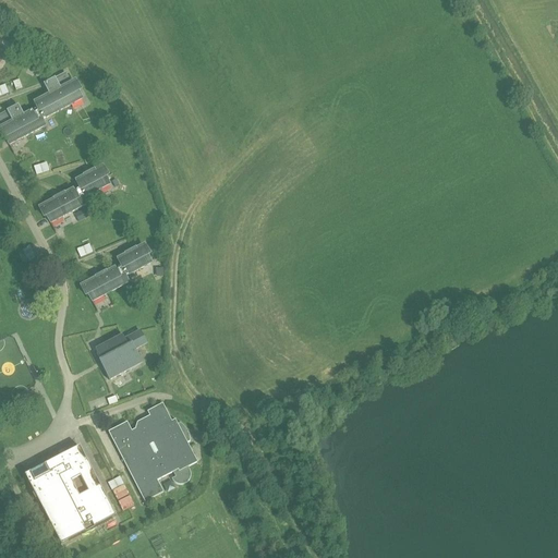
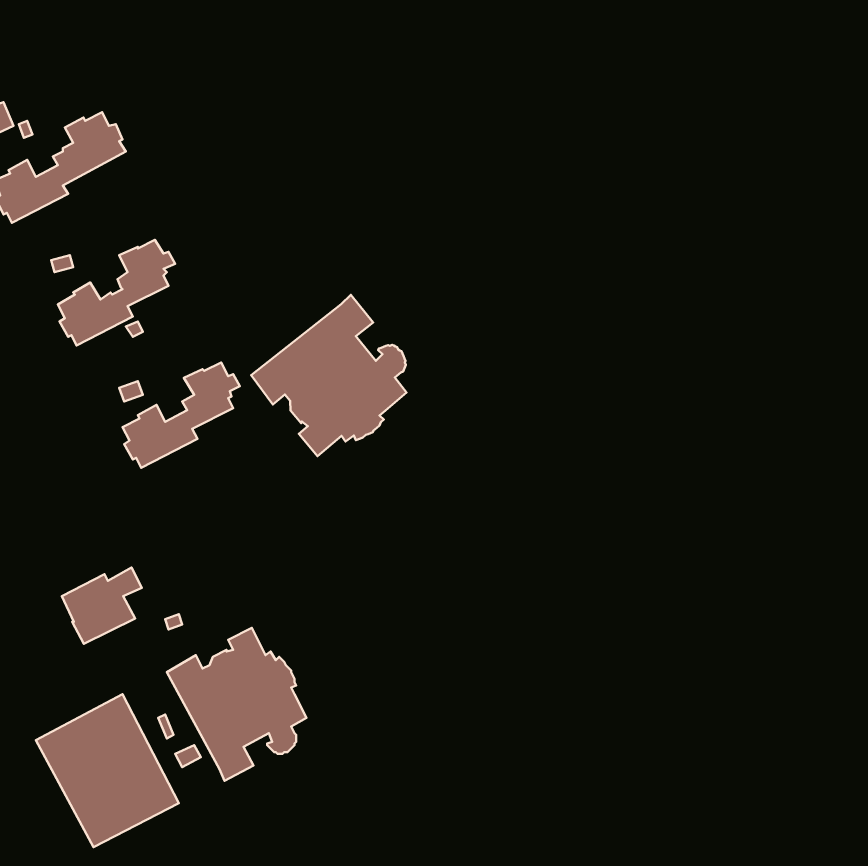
building: none -> [251,295,407,456]
building: [94,329,145,378] -> [62,567,142,644]

